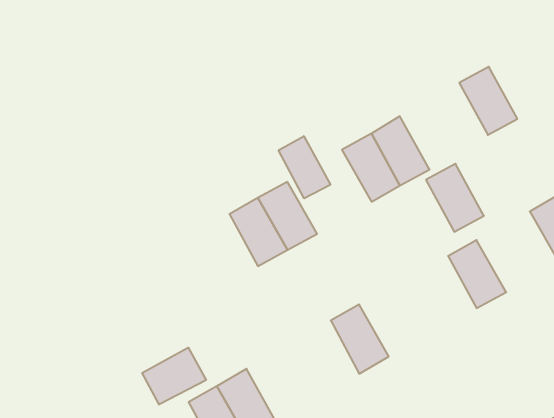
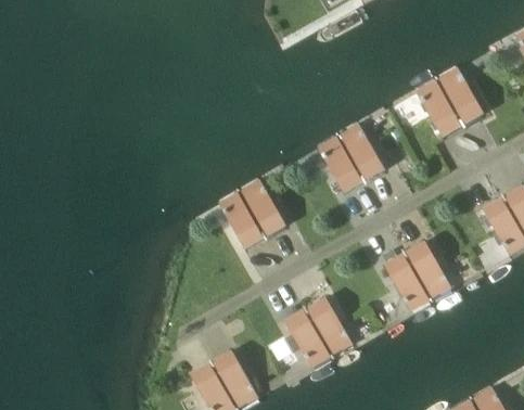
building: none -> [444,65,495,126]
building: [279,136,330,198] -> none
building: [426,164,484,232] -> [382,246,433,306]
building: none -> [279,303,330,363]
building: [142,348,206,405] -> none

